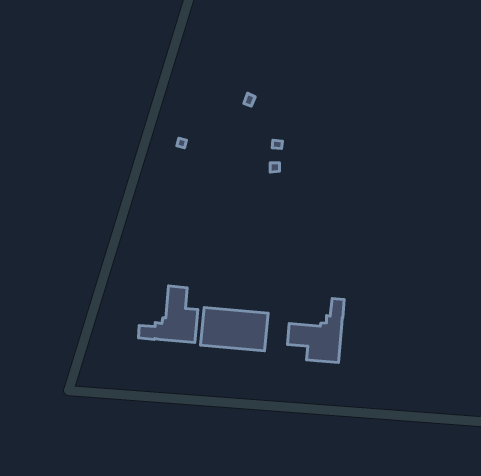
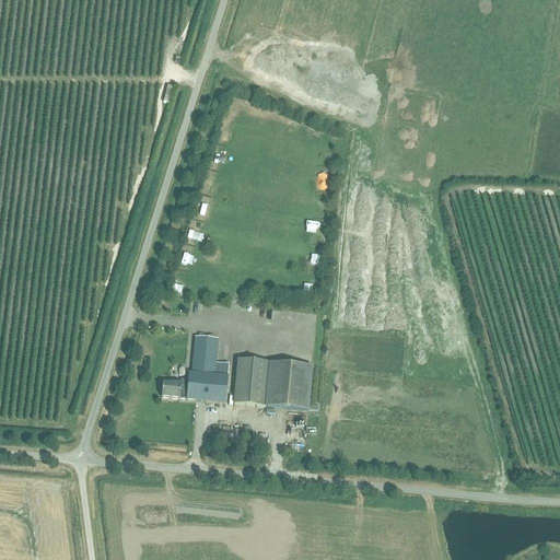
building: [288,298,344,363] -> none

